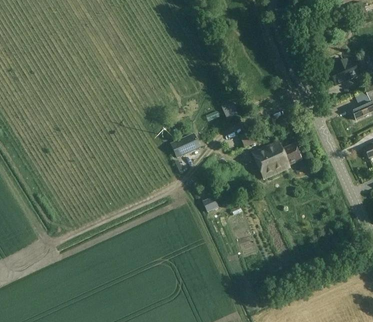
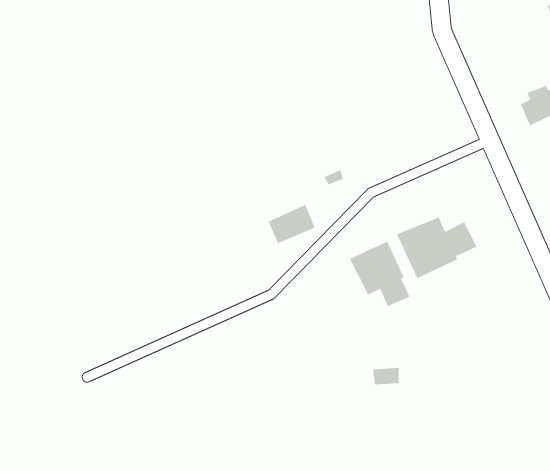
building: none -> [349,241,410,307]

